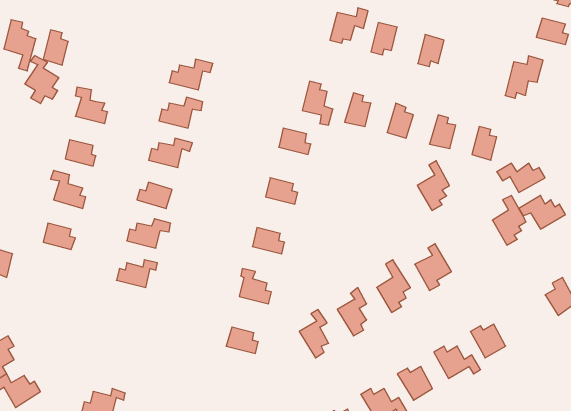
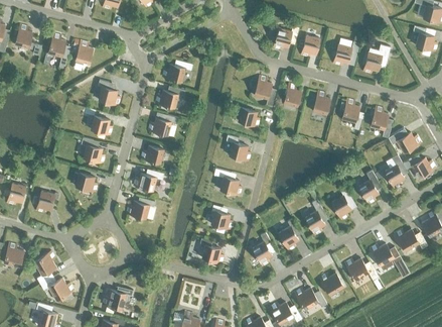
building: [25,56,59,104] -> none
building: [505,56,543,98] -> [362,44,389,74]
building: [417,161,449,210] -> [357,170,380,204]
building: none -> [394,229,426,251]

